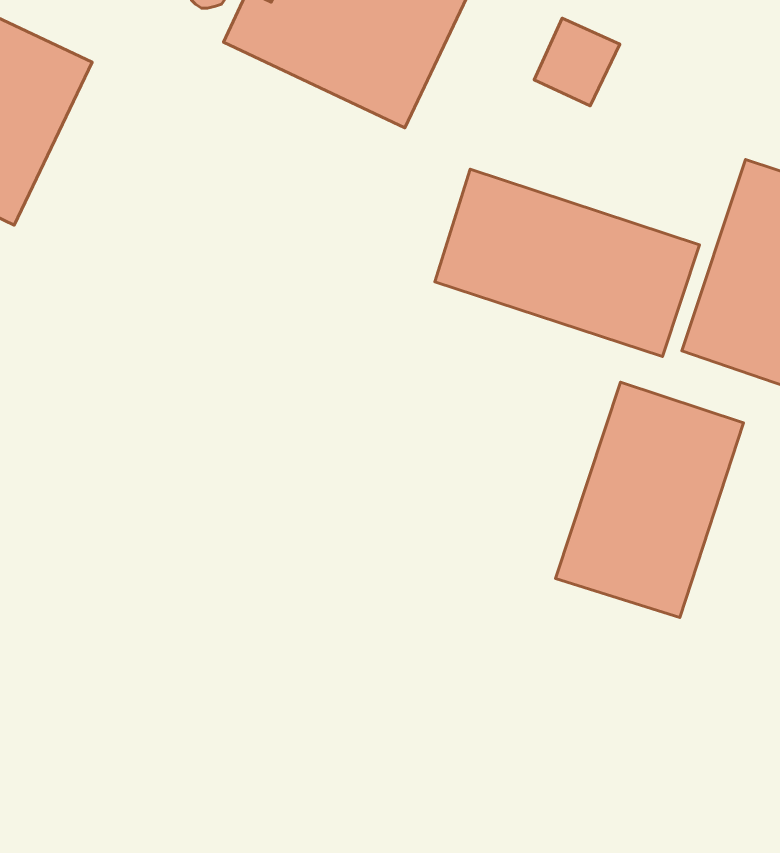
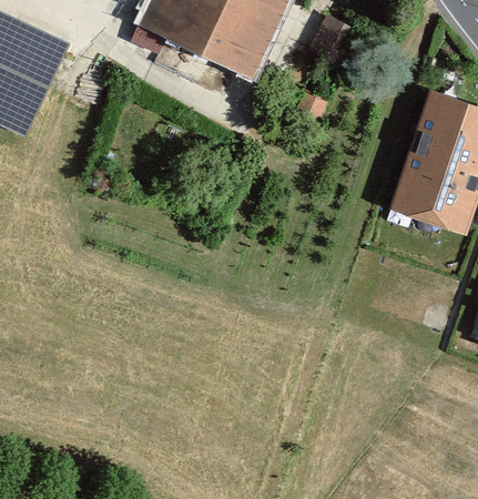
building: [435,169,700,356] -> none
building: [556,382,743,618] -> none

